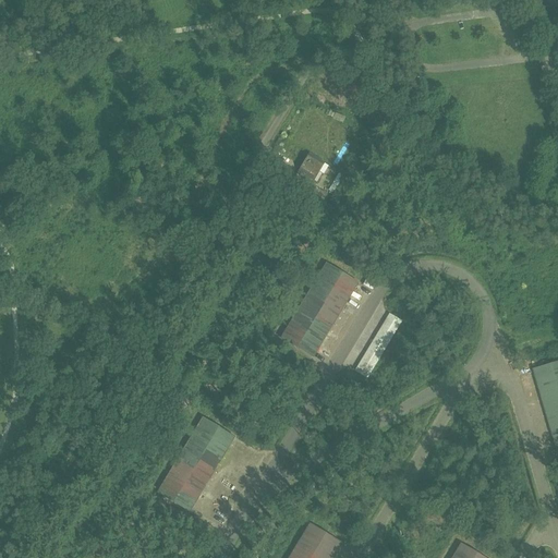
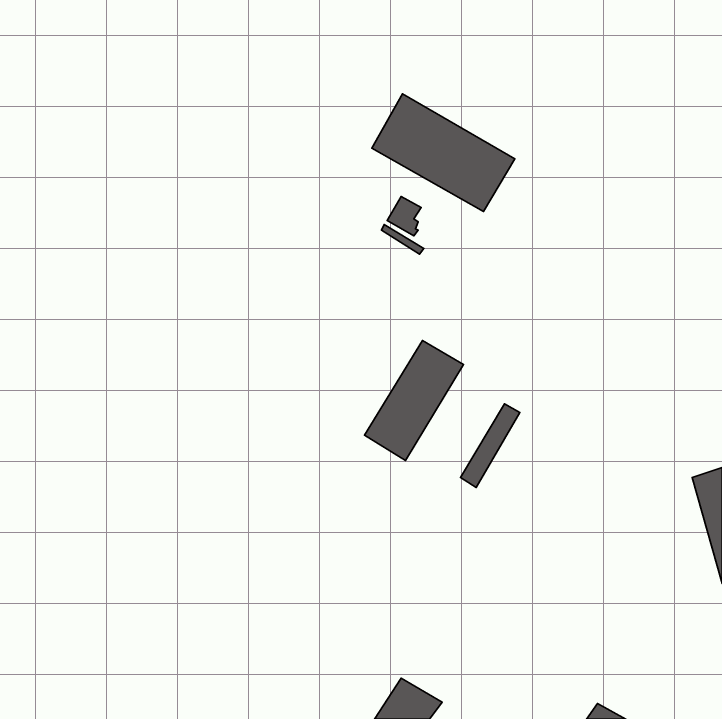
building: none -> [372,94,515,212]
building: [158,416,233,510] -> none

